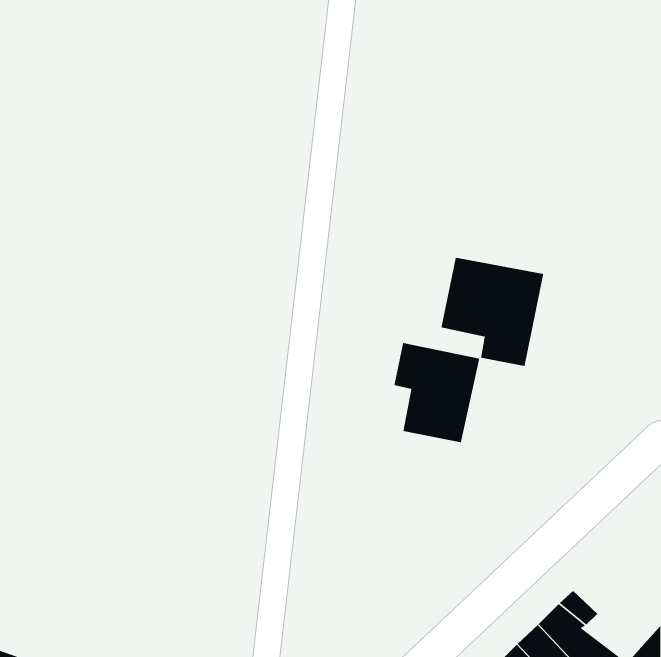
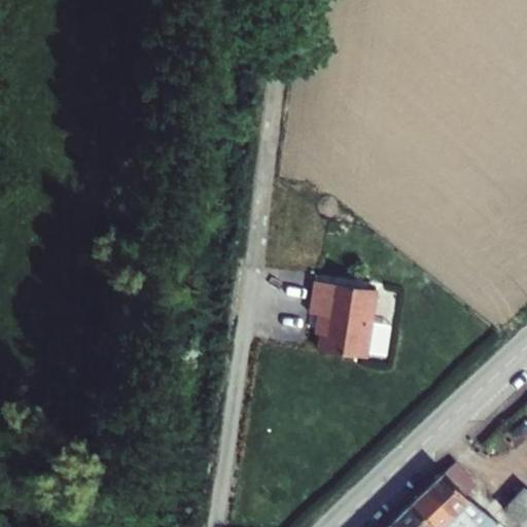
building: [440,257,544,367] -> none

